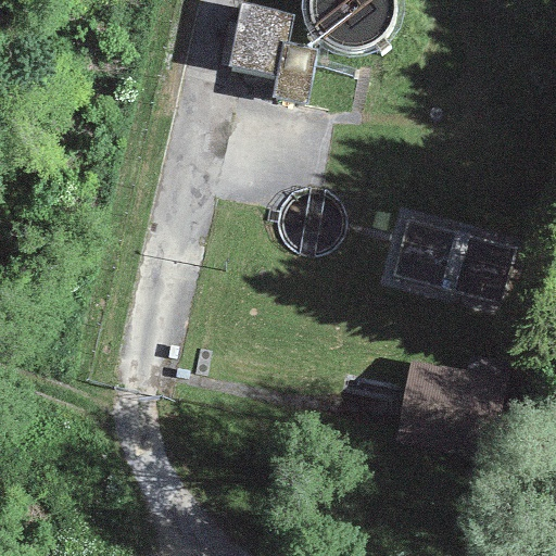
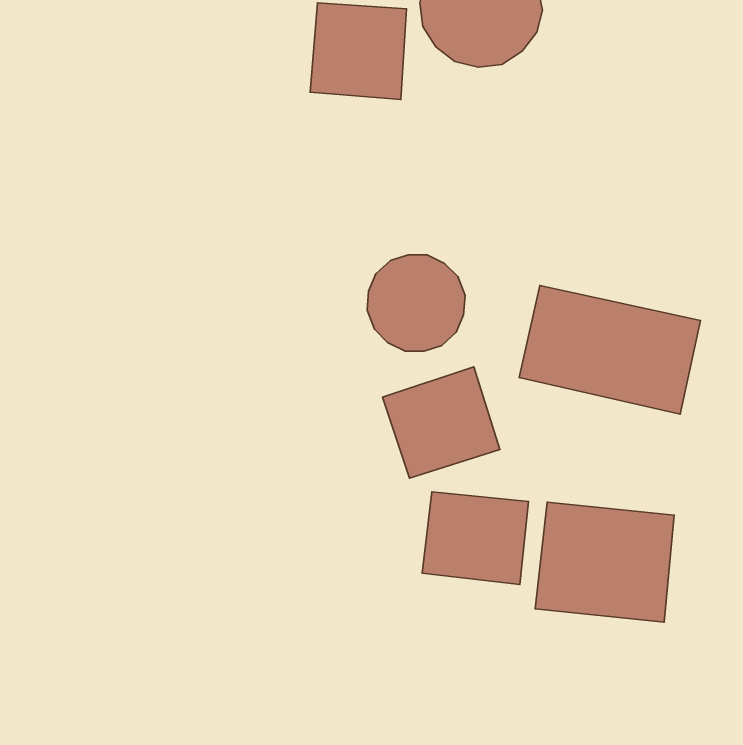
building: none -> [383,367,500,478]
building: none -> [422,492,528,584]

